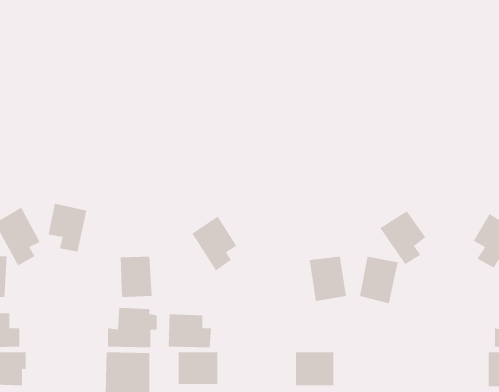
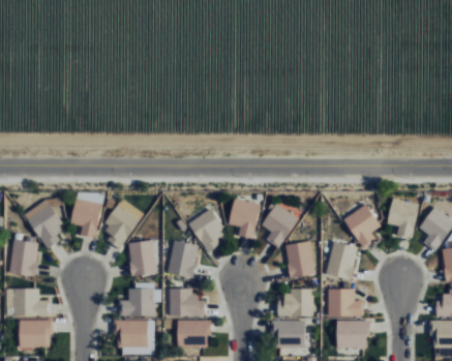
building: none -> [102,198,143,248]
building: none -> [387,198,419,237]
building: none -> [229,200,259,238]
building: none -> [261,203,299,247]
building: none -> [167,240,199,278]
building: none -> [277,288,313,317]
building: none -> [328,289,364,315]
building: none -> [336,320,371,348]

